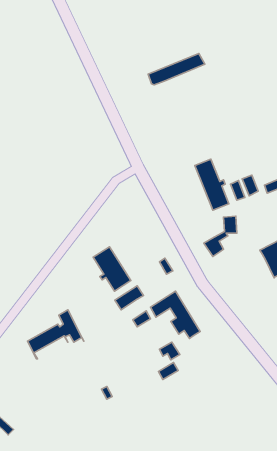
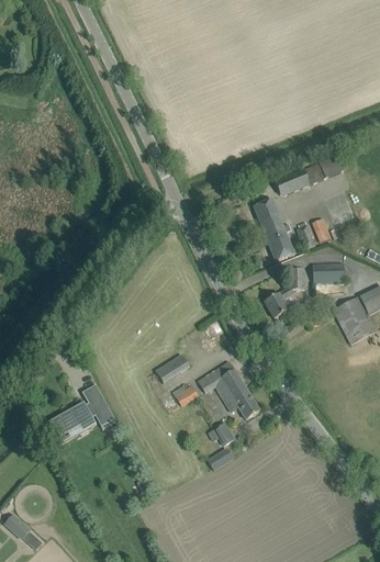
building: [148,54,205,85] -> [275,157,345,195]
building: none -> [312,262,343,284]
building: [93,247,131,291] -> none

